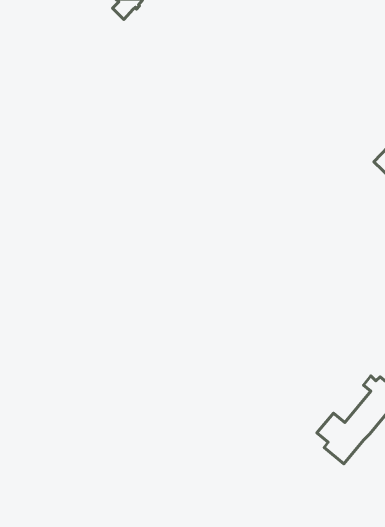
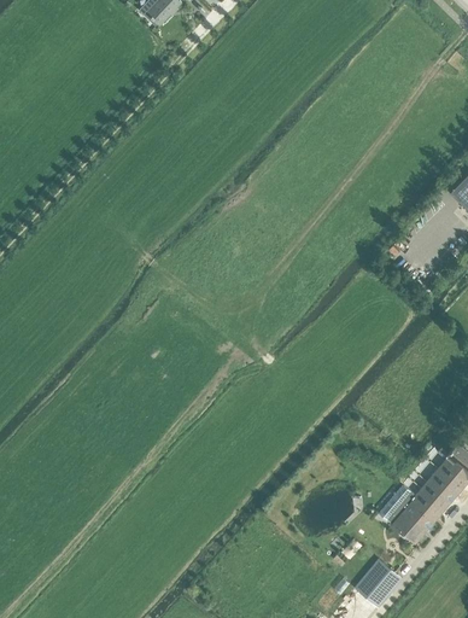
building: none -> [357,562,394,608]

